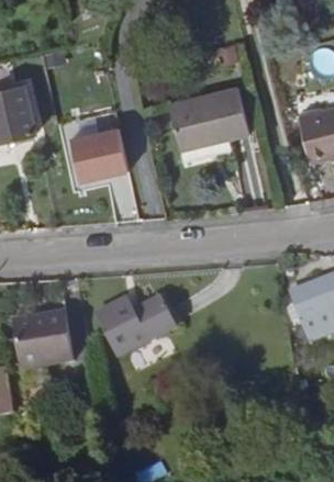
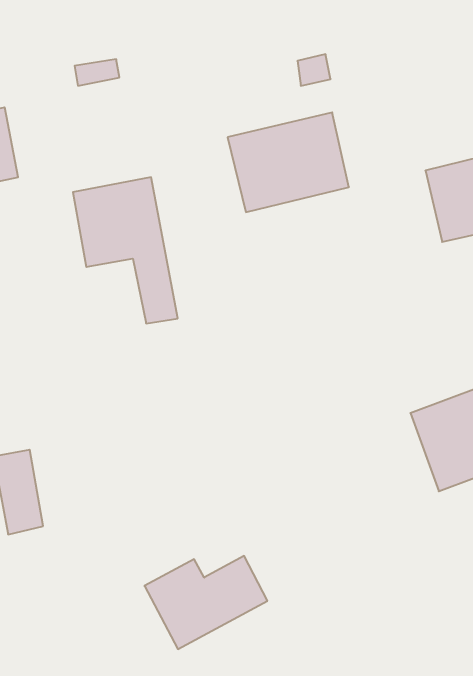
building: [94,289,176,350] -> [144,556,267,649]
building: [37,305,74,359] -> none

